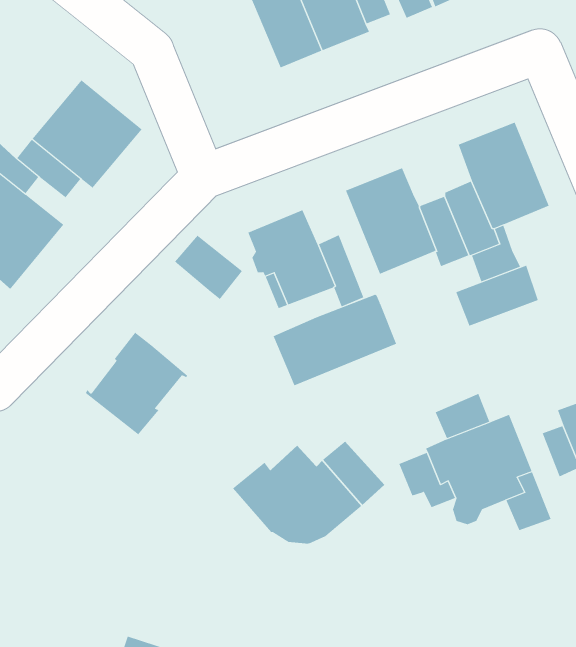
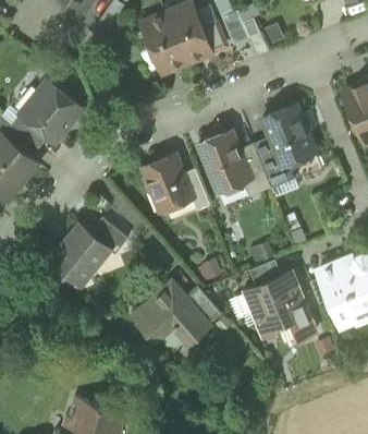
building: [174,235,243,300] -> [88,216,127,253]
building: [456,265,539,326] -> none
building: [273,294,397,386] -> none

